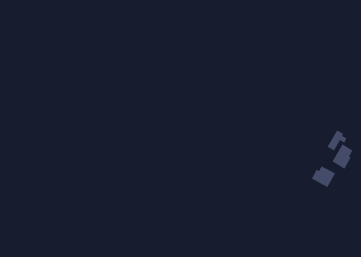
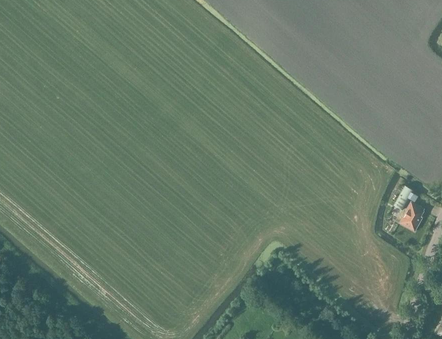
building: [311,165,336,188] -> none

